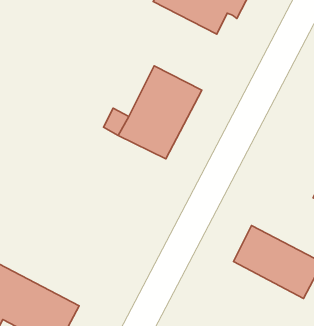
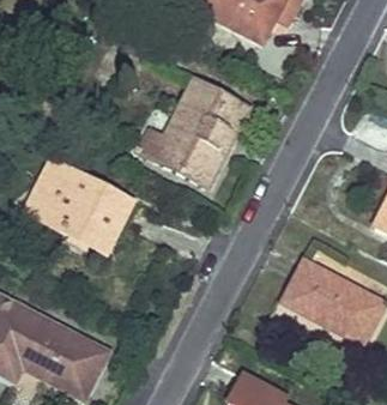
building: none -> [28,162,129,250]

